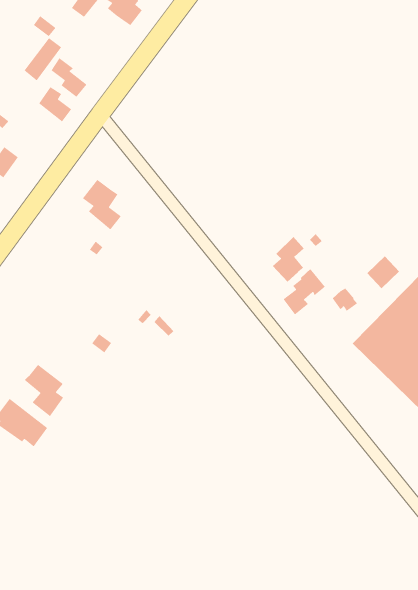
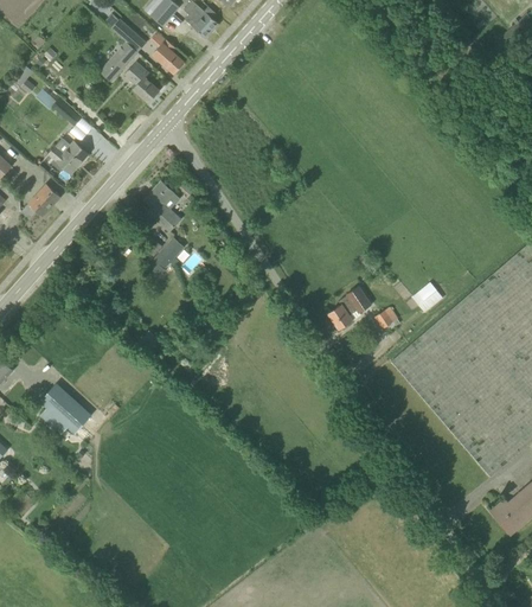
building: [38,86,72,122] -> [153,38,185,74]
building: none -> [147,237,184,277]
building: [272,236,305,283] -> none
building: [24,364,64,417] -> none

